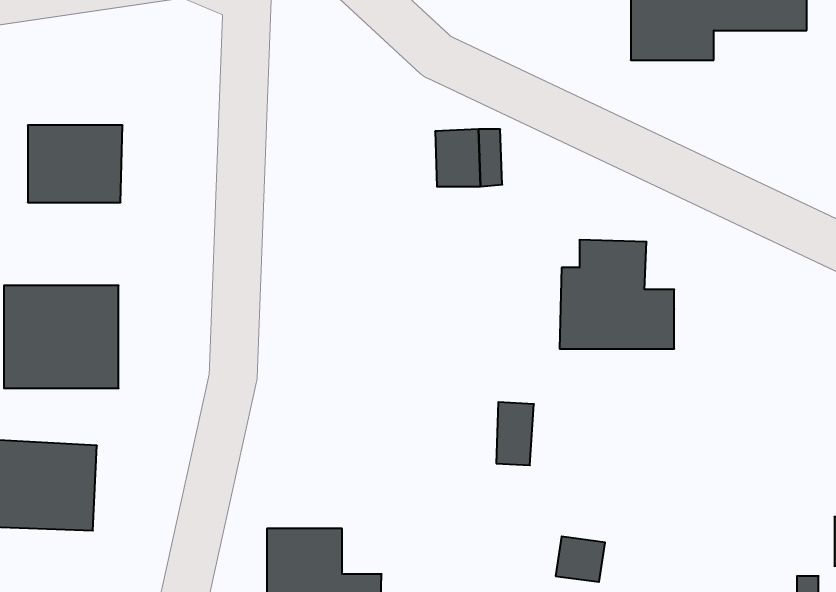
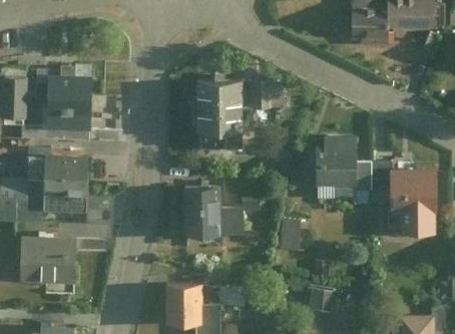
building: none -> [196,79,243,149]
building: none -> [43,116,90,142]
building: none -> [389,170,434,233]
building: none -> [183,188,243,234]

